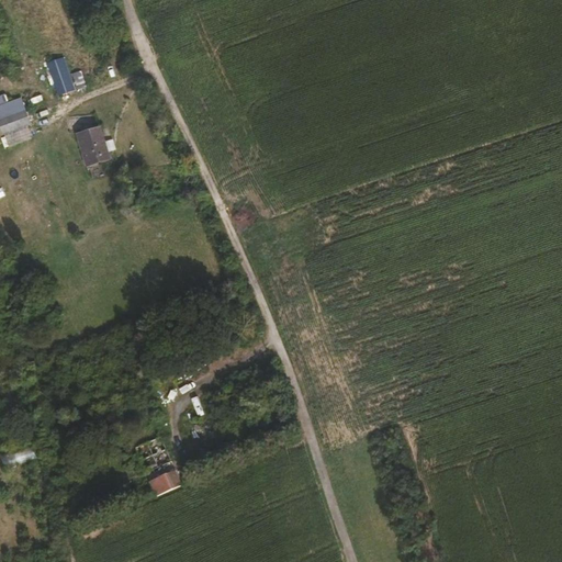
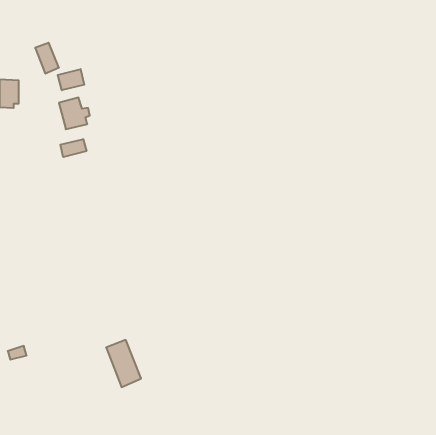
building: none -> [58,69,84,90]
building: none -> [60,139,86,157]

